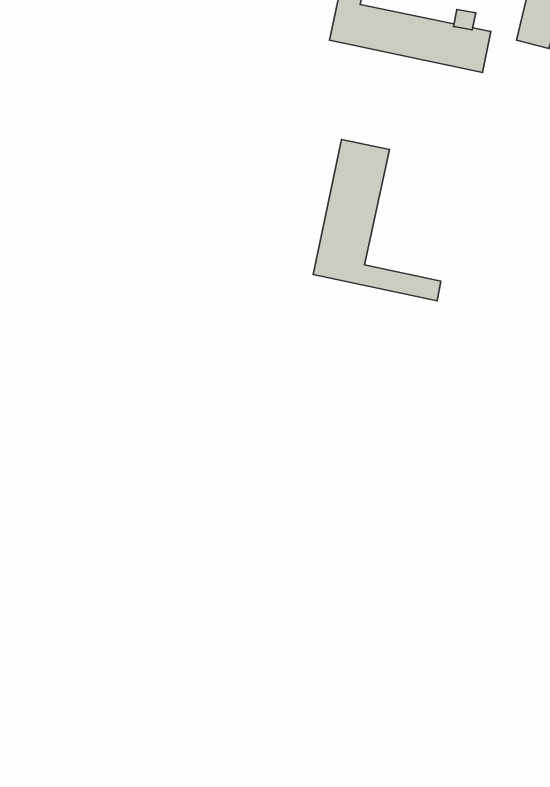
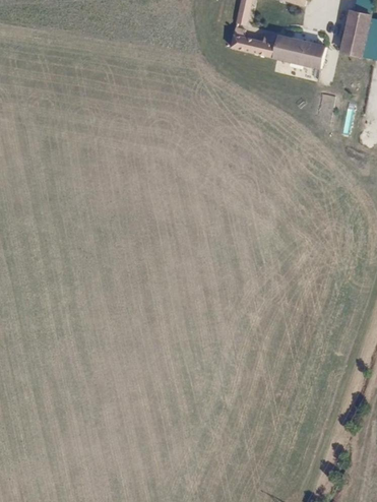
building: [313,139,441,301] -> none

